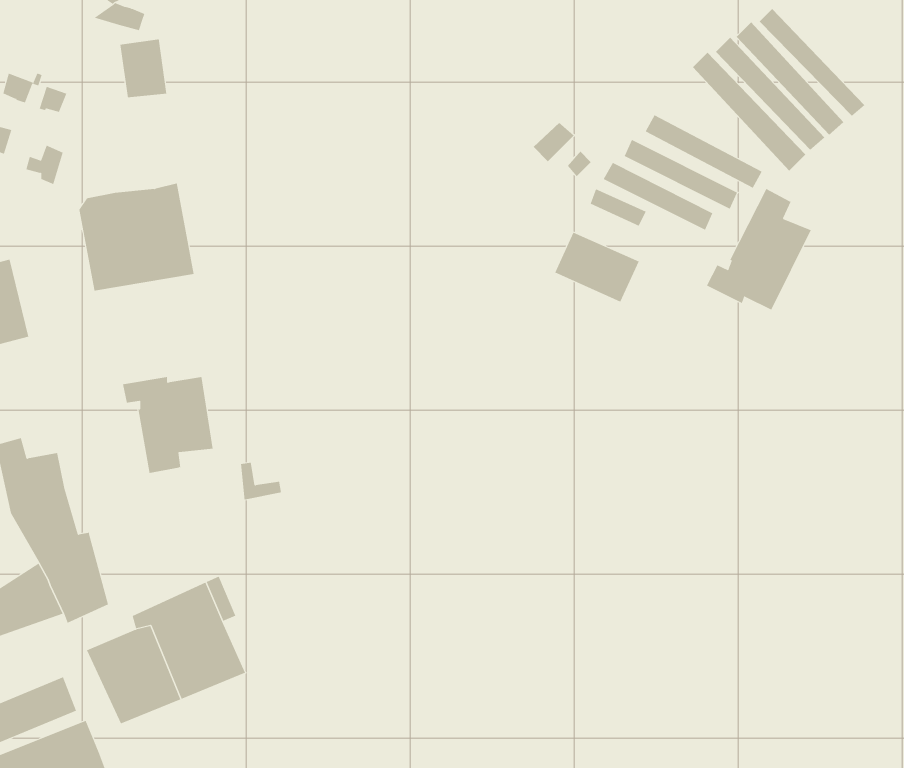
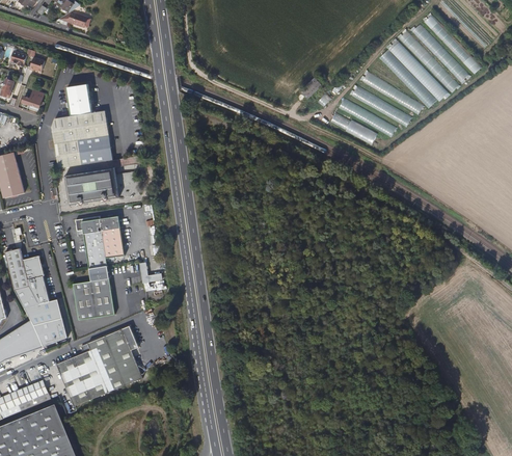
building: [120,39,167,98] -> [65,82,91,114]
building: [706,188,811,311] -> none
building: [554,232,640,302] -> none
building: none -> [65,168,116,204]
building: none -> [72,265,113,319]

